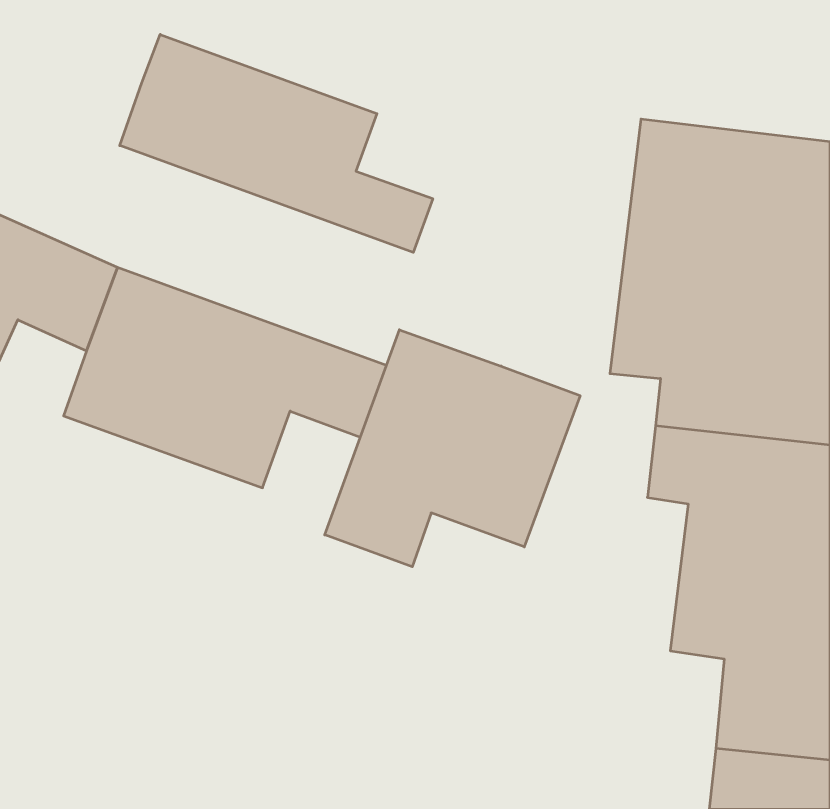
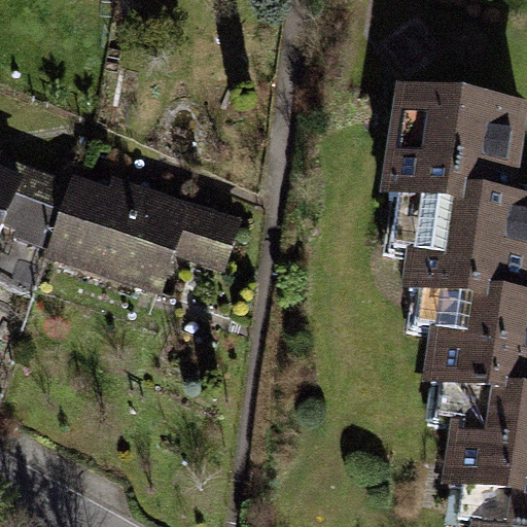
building: [120,34,433,252] -> none
building: [325,330,580,567] -> none

